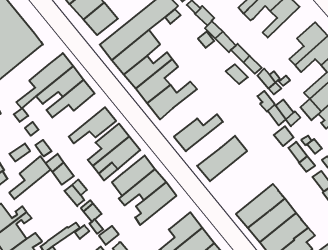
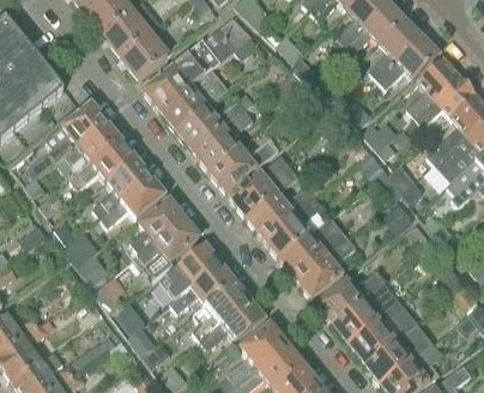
building: none -> [376,36,438,89]
building: none -> [229,155,297,217]
building: none -> [262,196,322,258]
building: none -> [296,237,355,298]
building: [9,156,51,199] -> [92,157,150,217]
building: none -> [315,273,383,325]
building: none -> [199,300,265,350]

